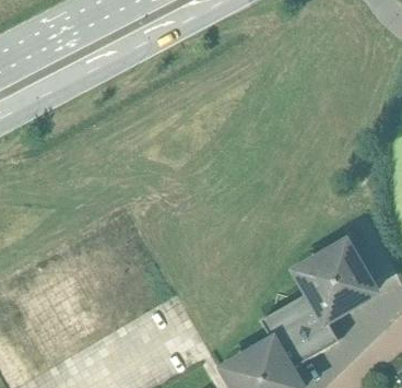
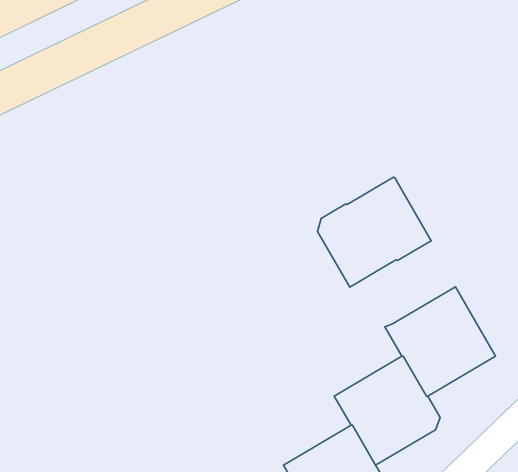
building: none -> [318,177,431,287]

